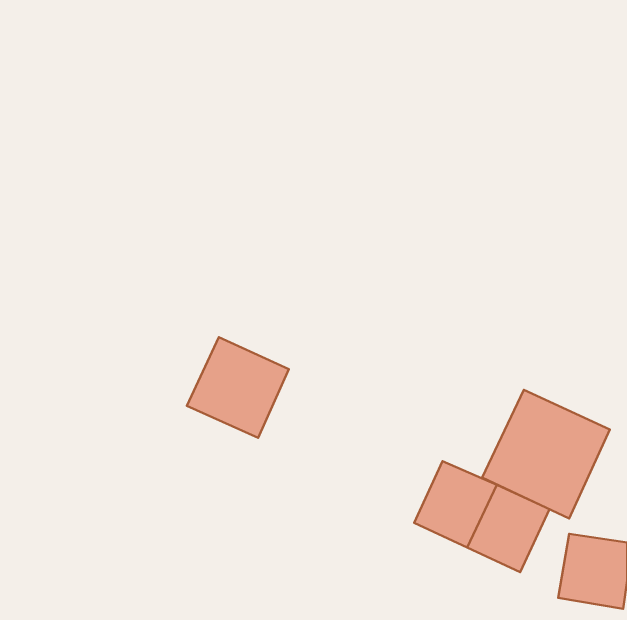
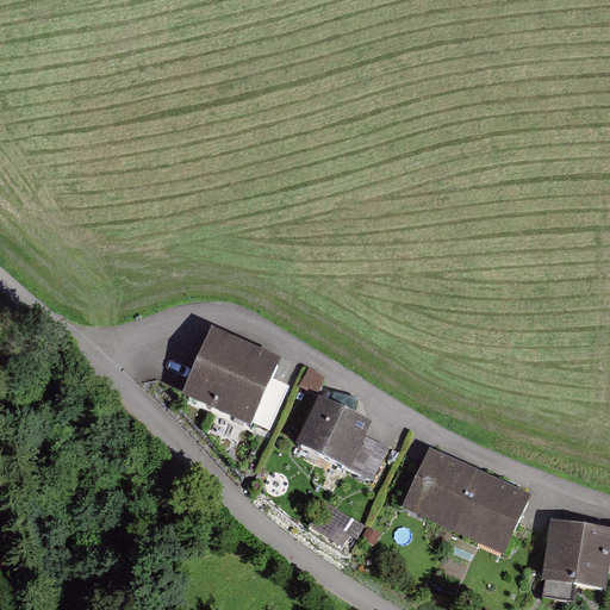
building: [482,390,610,519] -> none
building: none -> [295,396,388,477]

